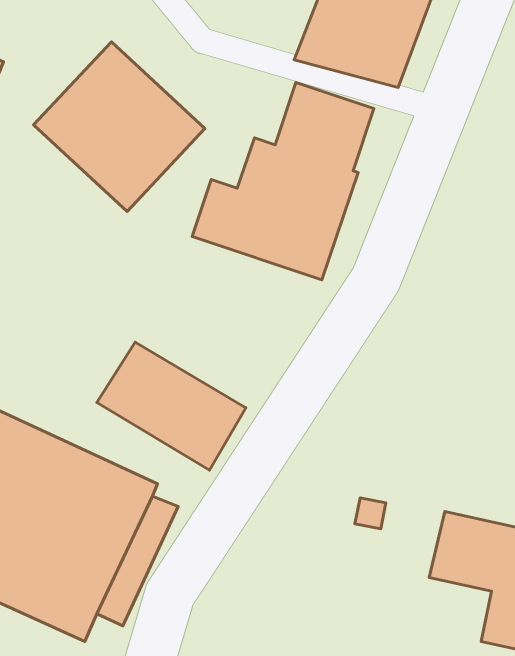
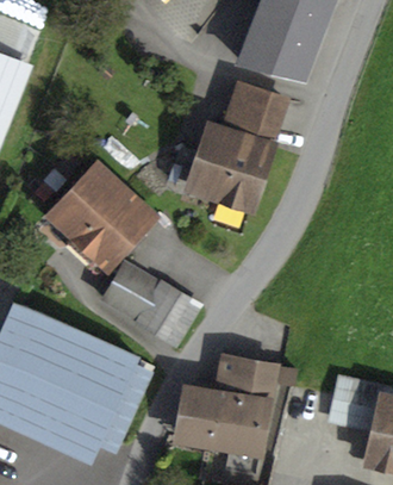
building: [34,42,205,212] -> [43,158,161,275]
building: none -> [170,353,276,459]

